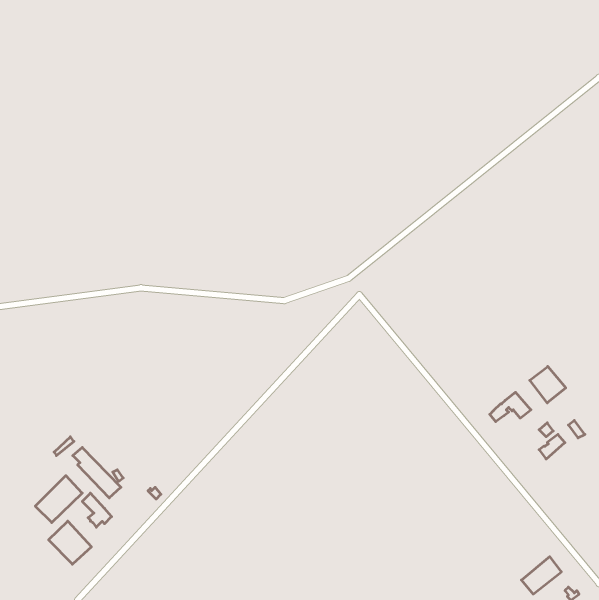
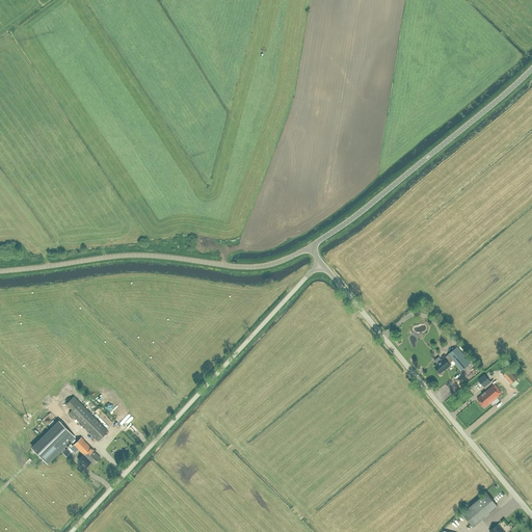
building: [530,366,566,403] -> none
building: [49,521,91,564] -> none

